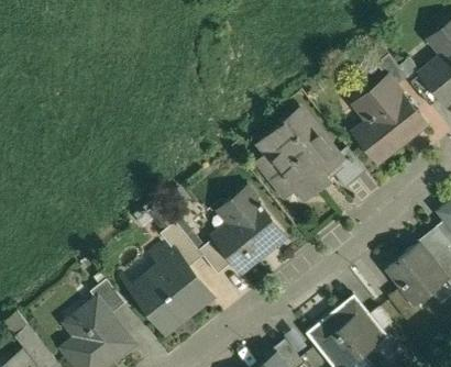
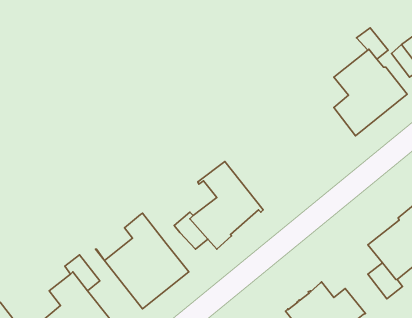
building: [258,109,364,198] -> none
building: [158,221,202,268] -> none

